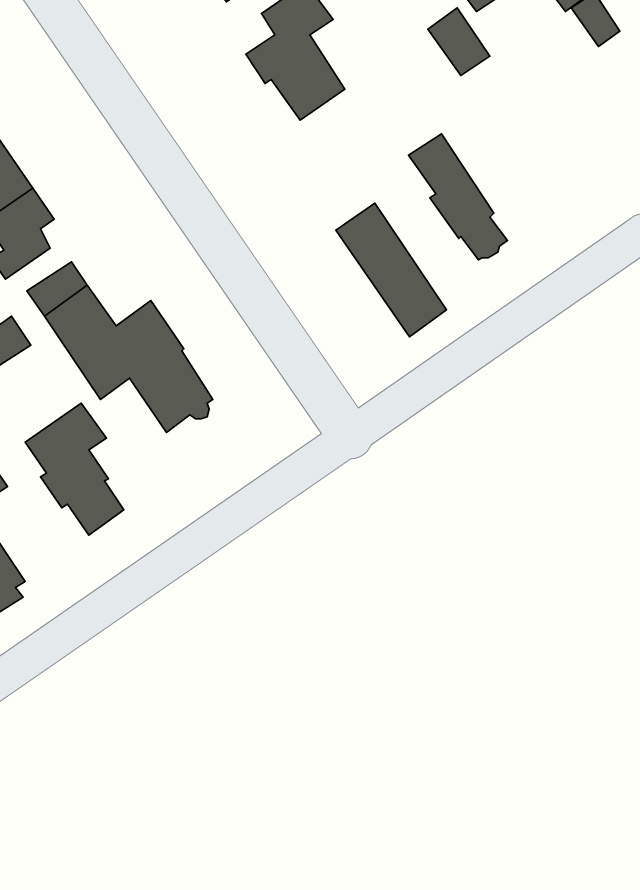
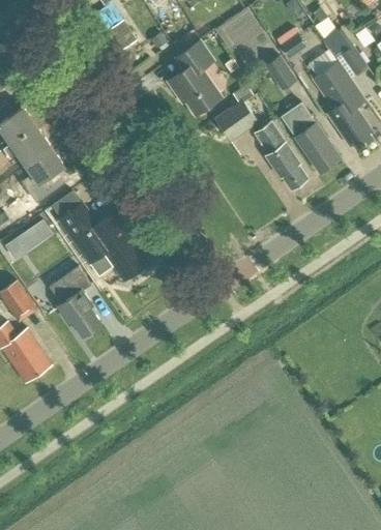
building: none -> [313,61,373,148]
building: none -> [213,99,257,143]
building: [336,203,446,337] -> [281,101,340,173]

